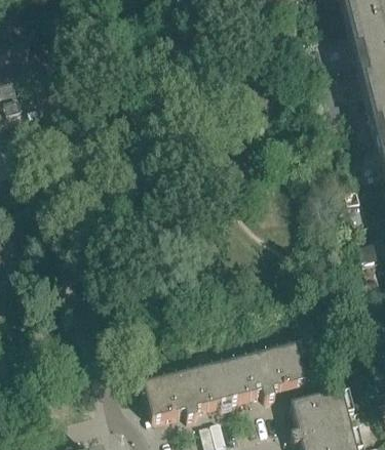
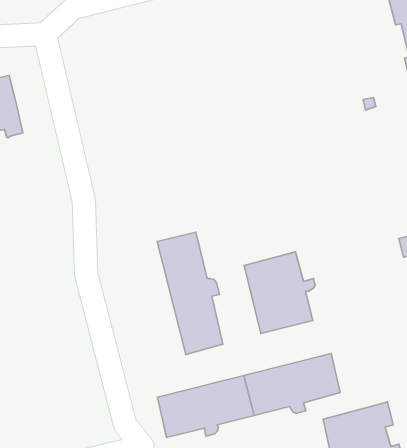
building: none -> [157,232,223,354]
building: none -> [244,252,315,333]

